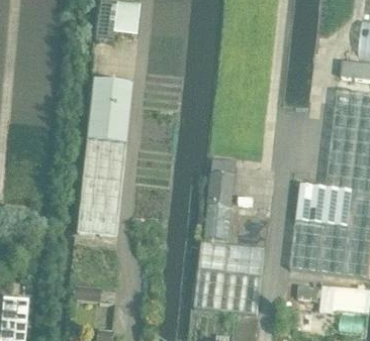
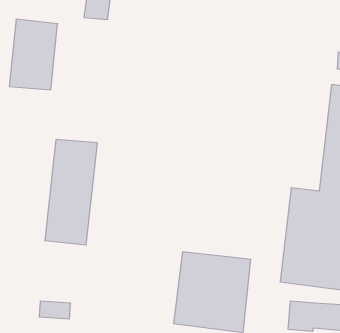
building: [88,80,131,143] -> [9,19,58,90]
building: [204,158,235,239] -> none

